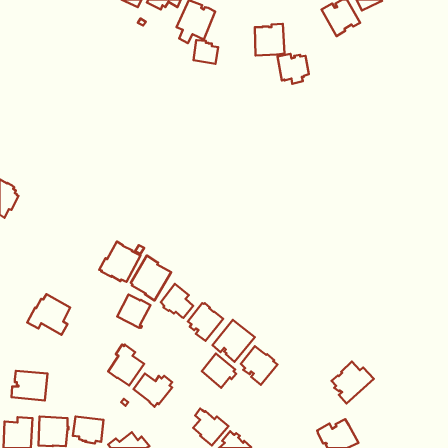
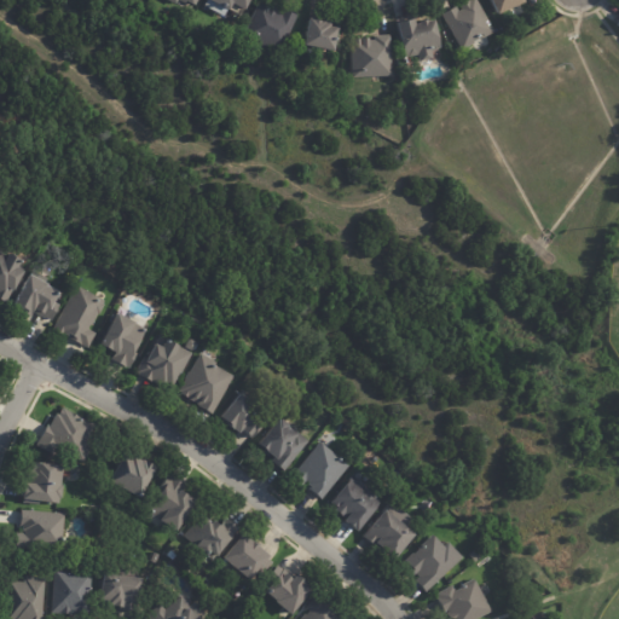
building: [193,40,218,64] -> [305,19,339,52]
building: [277,54,309,84] -> [397,18,440,59]
building: none -> [13,273,59,319]
building: none -> [53,284,105,347]
building: none -> [100,311,146,366]
building: [117,294,151,328] -> [111,452,157,498]
building: none -> [23,462,69,503]
building: [202,354,236,388] -> [224,532,271,579]
building: [332,361,374,404] -> [405,532,463,590]
building: none -> [363,501,415,560]

